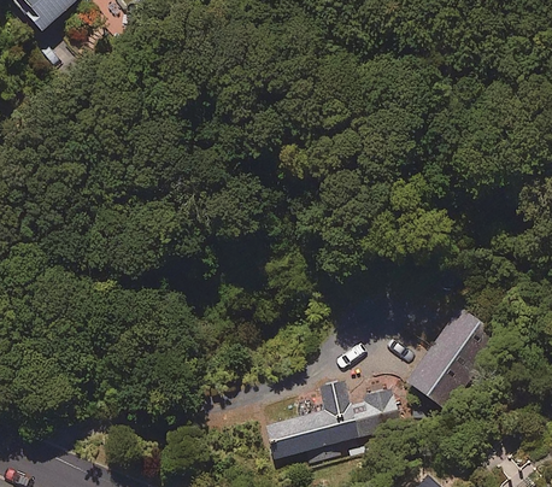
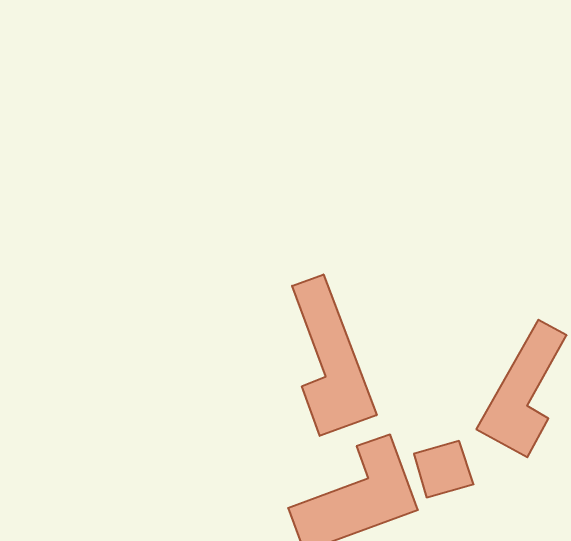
building: none -> [292,274,377,436]

